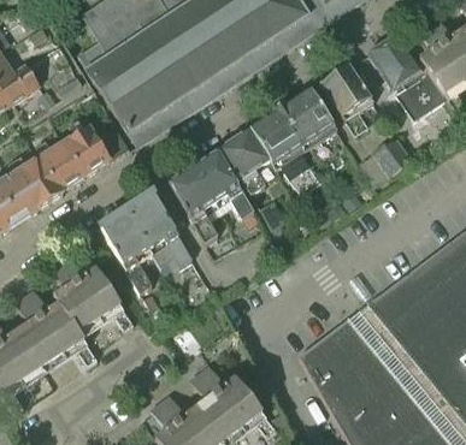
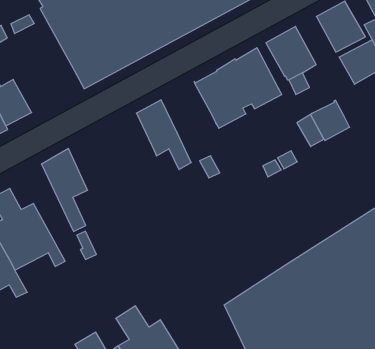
building: [64,118,110,174] -> none
building: [217,130,270,194] -> none
building: [169,166,217,243] -> none
building: [126,191,191,267] -> none

